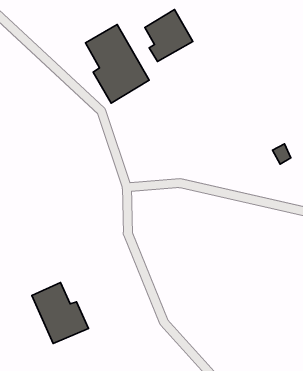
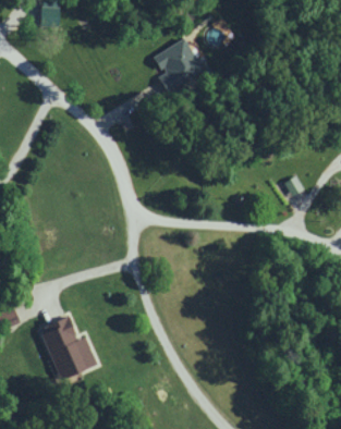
building: [85,25,149,103] -> none

